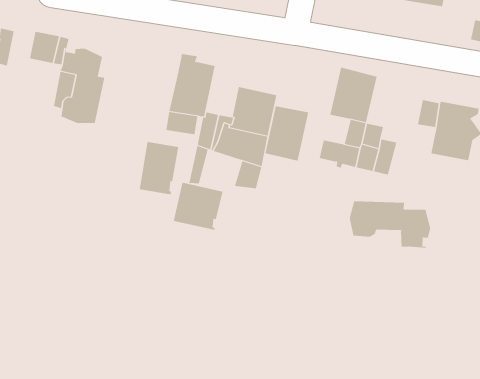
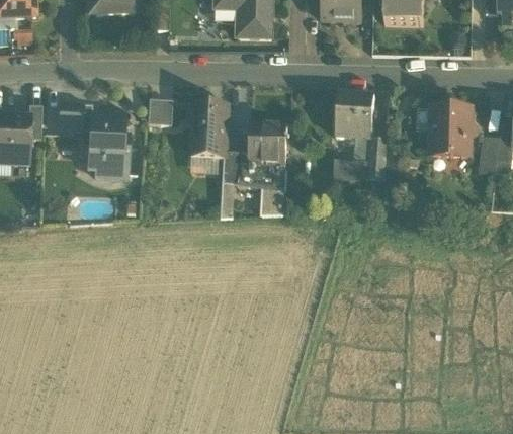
building: none -> [147,98,173,125]
building: [265,105,309,162] -> none
building: [139,141,179,195] -> none
building: [173,182,223,231] -> none
building: [349,200,431,248] -> none

